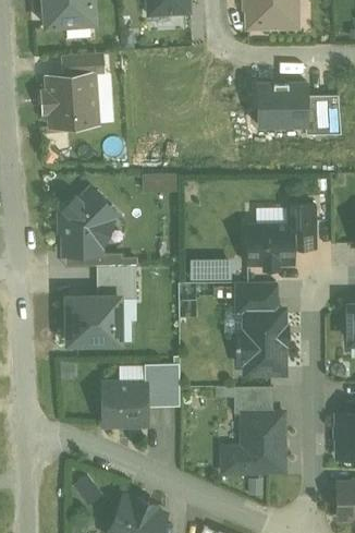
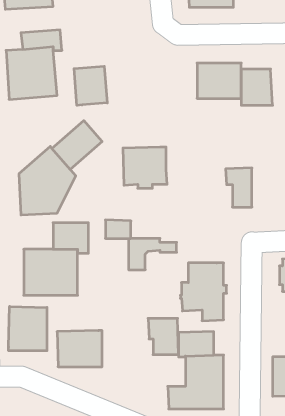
building: none -> [74,66,107,105]
building: none -> [52,121,102,169]
building: [247,223,296,269] -> [123,147,167,188]
building: [196,259,224,280] -> [105,220,131,238]
building: [238,282,278,313] -> none
building: none -> [9,306,47,351]
building: [145,363,179,403] -> [148,318,179,355]

